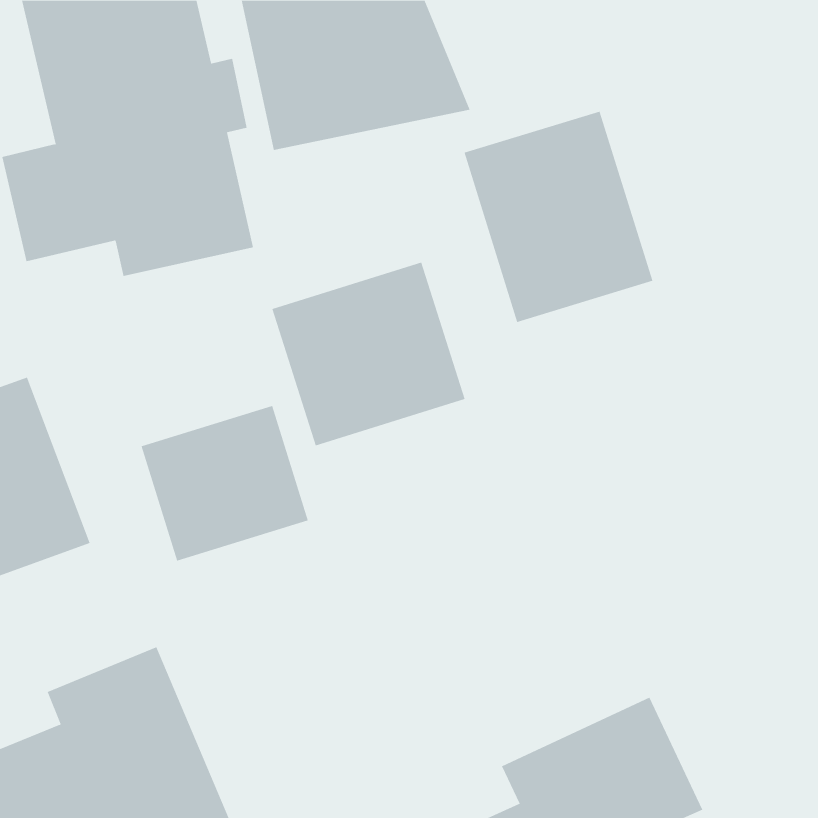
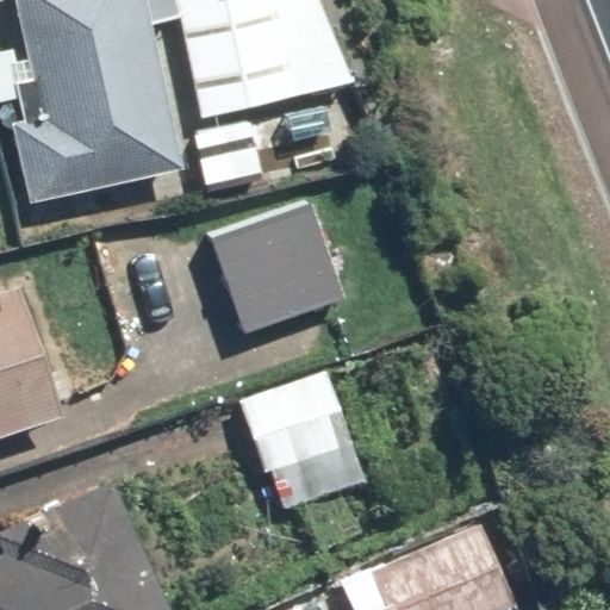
building: [464,111,653,323] -> none
building: [141,405,309,561] -> none
building: none -> [239,367,368,510]

